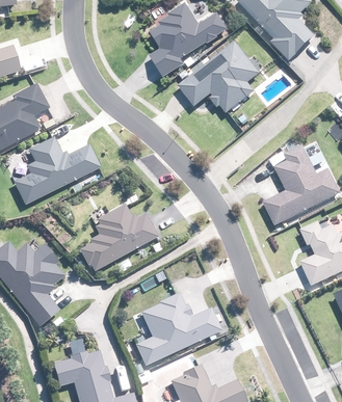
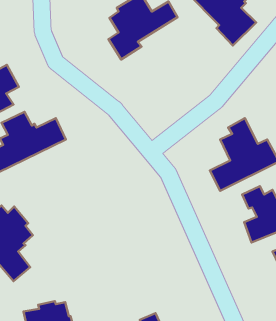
building: [179,39,260,110] -> none
building: [79,202,157,270] -> none
building: [135,291,222,367] -> none

